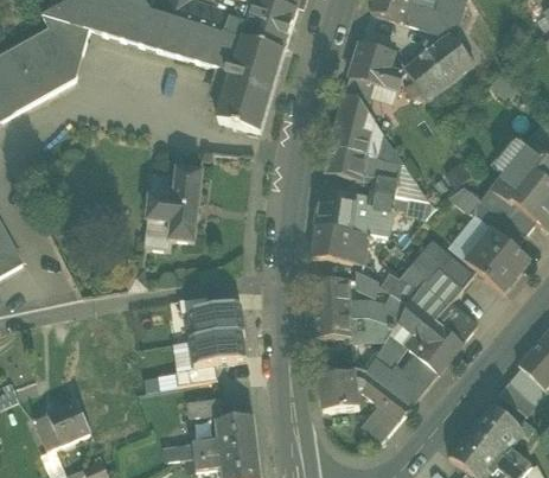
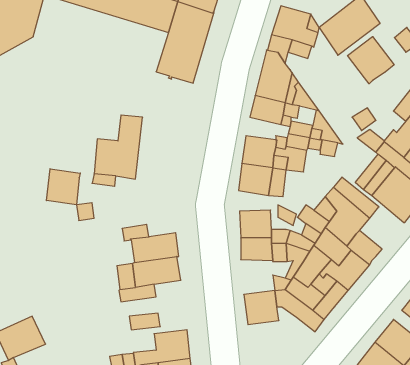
building: none -> [348,37,394,84]
building: none -> [46,169,80,205]
building: [362,401,400,439] -> none

